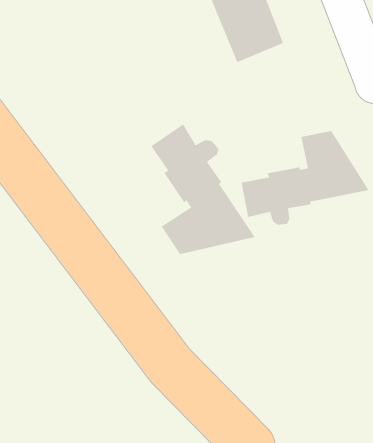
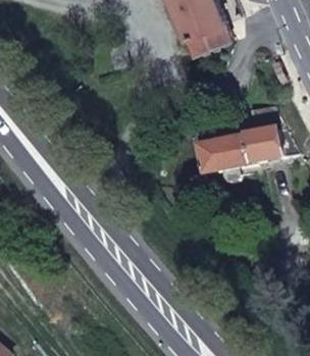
building: [151,124,256,255] -> none

